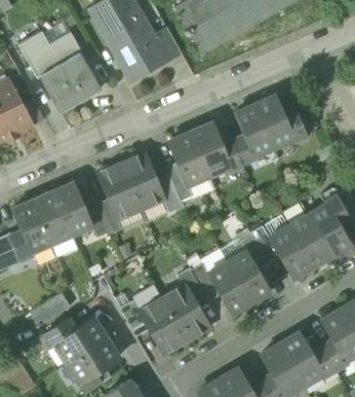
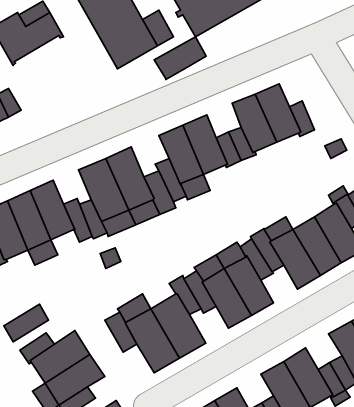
building: [39,51,101,112] -> none
building: none -> [154,37,206,80]

